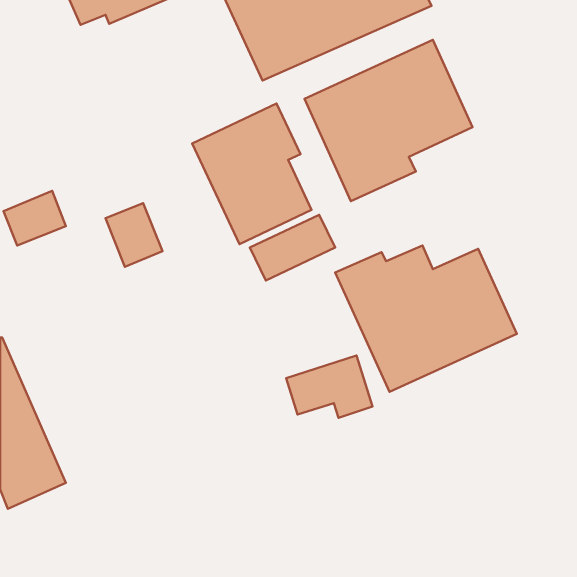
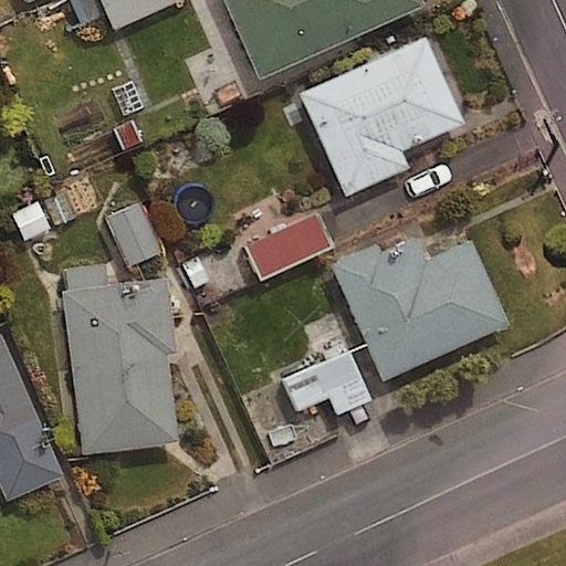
building: [192,103,311,244] -> none
building: none -> [62,281,177,454]

